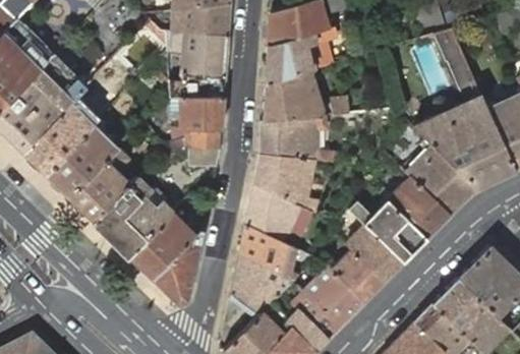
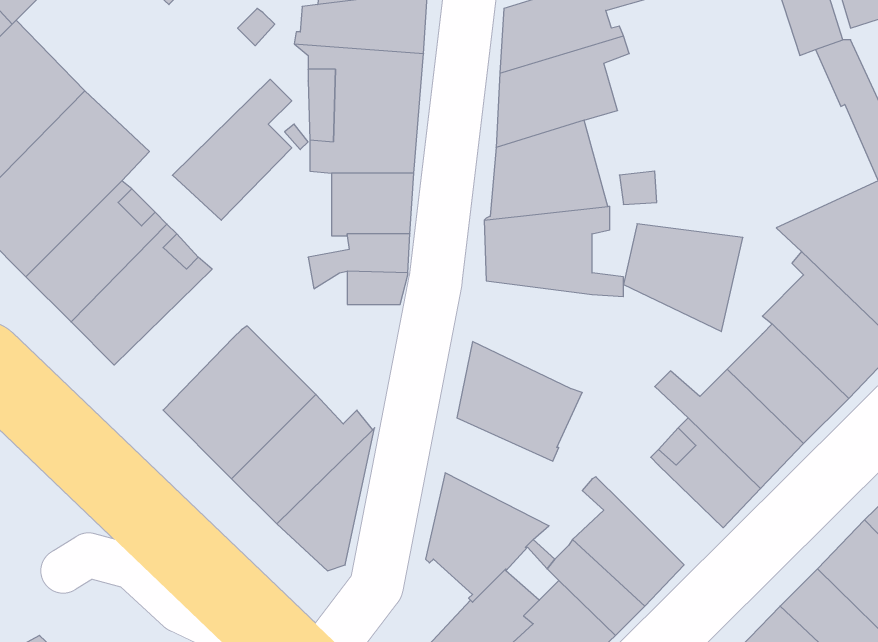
building: [68,147,130,221] -> [172,79,292,220]
building: [254,154,316,210] -> [623,224,743,332]
building: [240,225,303,281] -> none
building: [332,249,385,301] -> none

